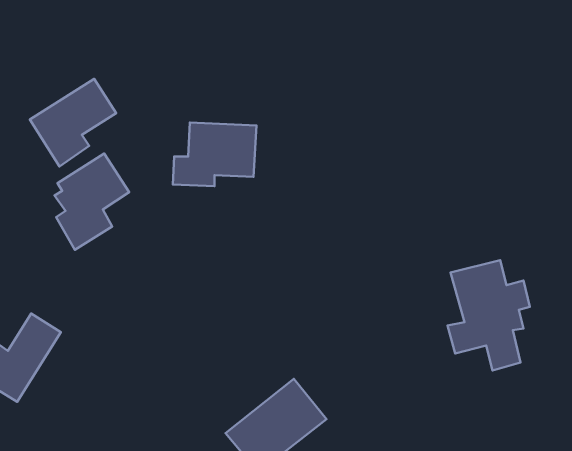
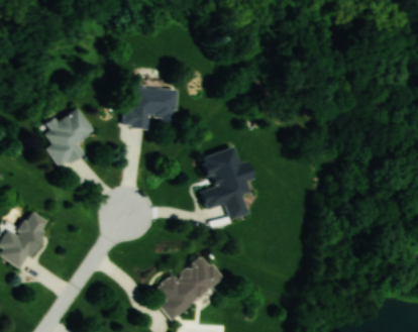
building: [30,79,116,166] -> none
building: [447,260,530,370] -> [201,147,254,219]

